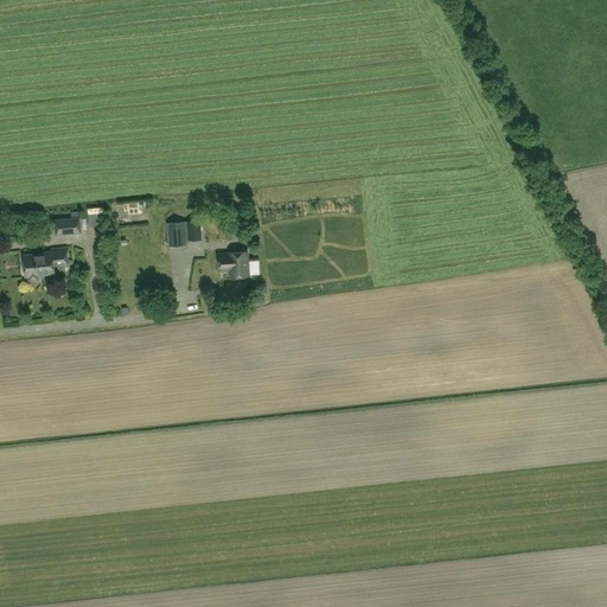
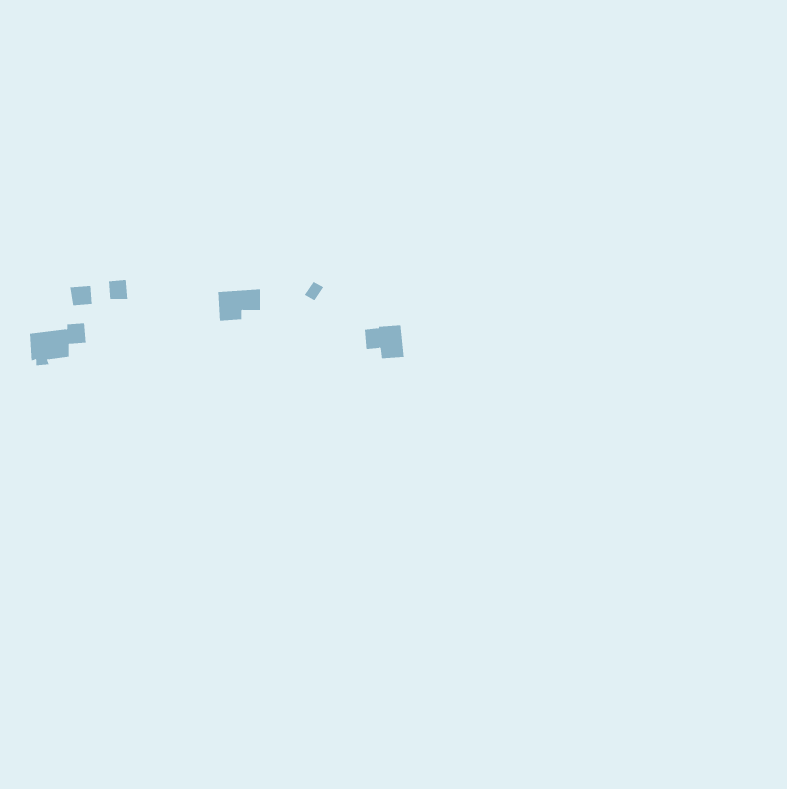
building: [217,251,248,277] -> [364,325,404,359]

